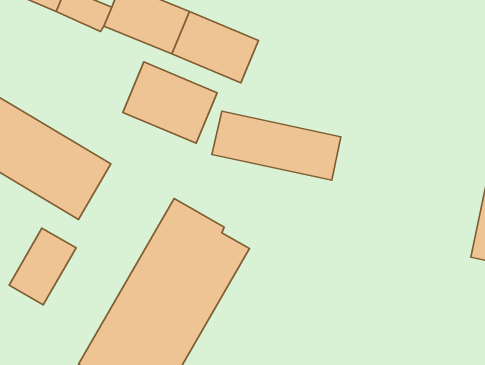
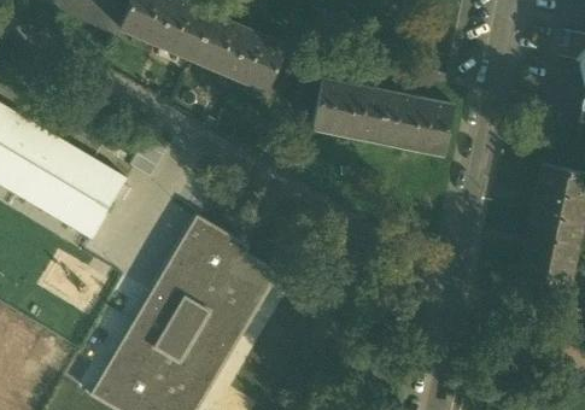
building: [123,62,217,143] -> none
building: [212,111,341,180] -> [314,78,454,153]
building: [9,228,76,305] -> none

